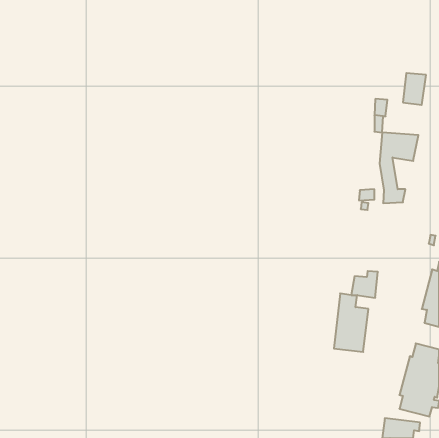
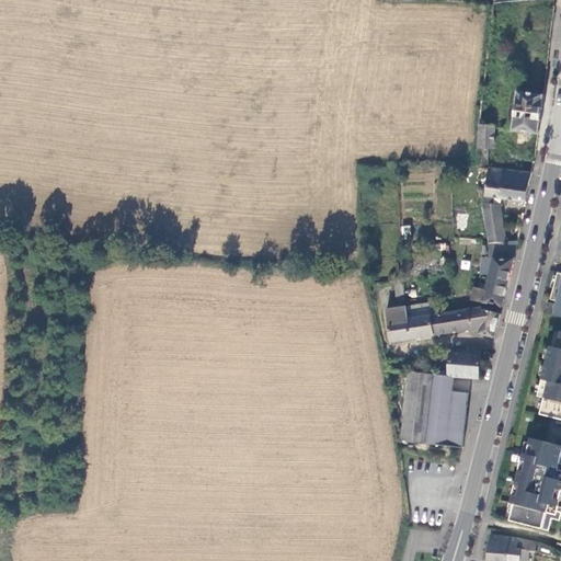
building: none -> [471,257,512,307]
building: none -> [387,301,499,342]
building: none -> [401,370,433,444]

